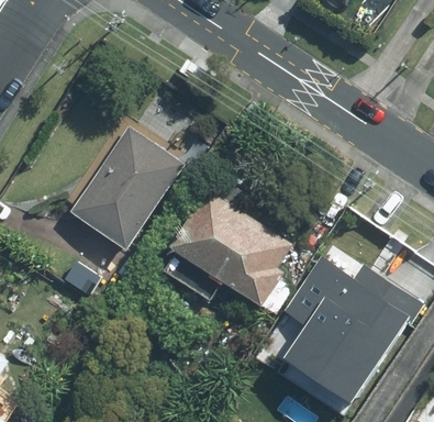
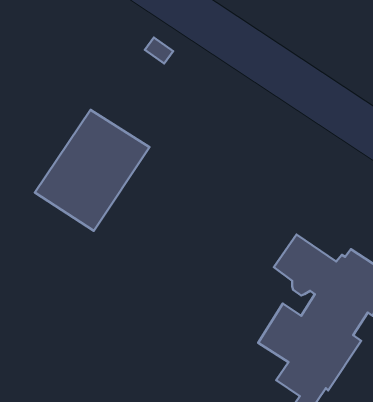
building: [175,181,290,306] -> none

